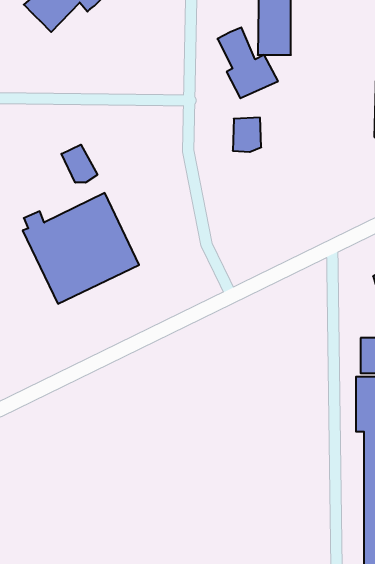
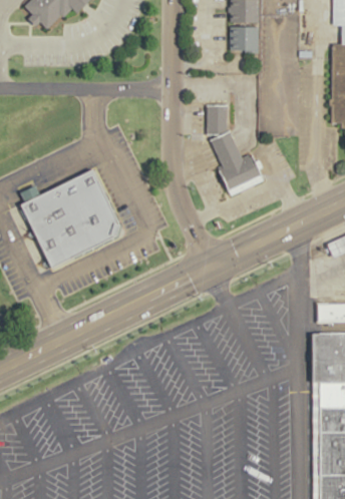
building: [217,27,278,98] -> [210,131,263,193]
building: [61,145,97,183] -> none

